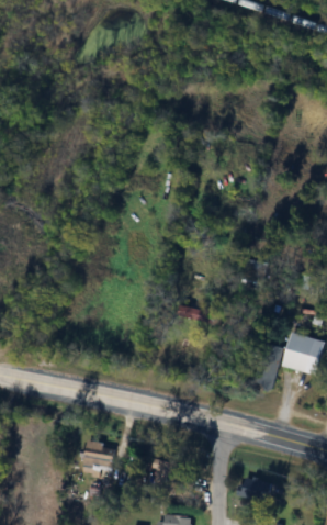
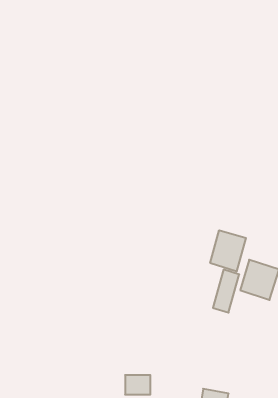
building: none -> [210,230,246,272]
building: [80,439,115,473] -> none

